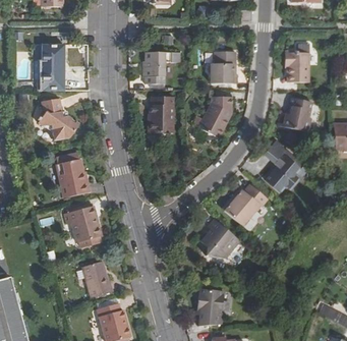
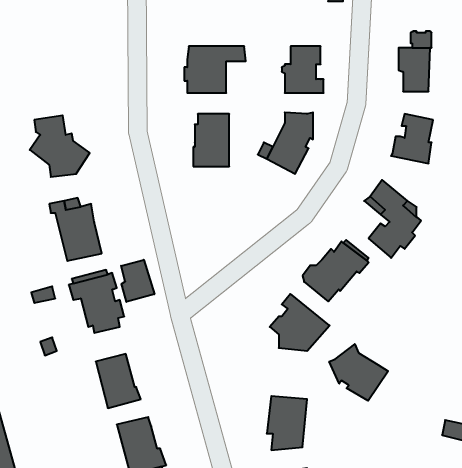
building: [39,44,65,78] -> none
building: none -> [121,260,154,302]
building: none -> [329,344,388,401]

